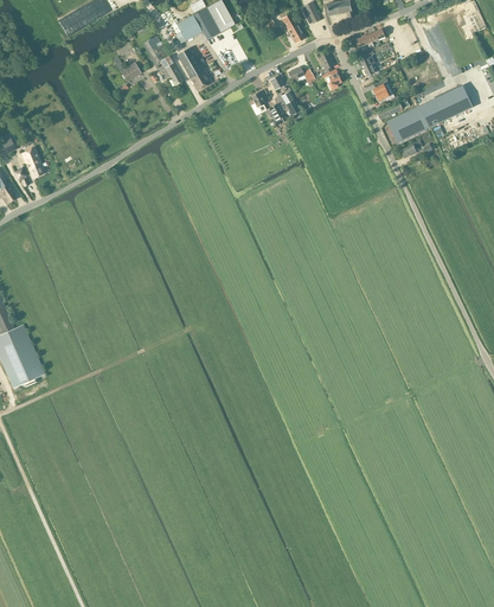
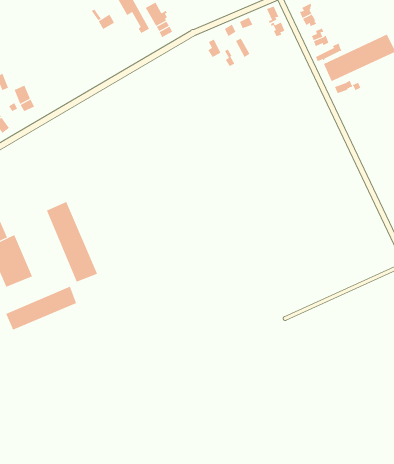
building: none -> [46,201,98,282]
building: none -> [5,286,77,330]

